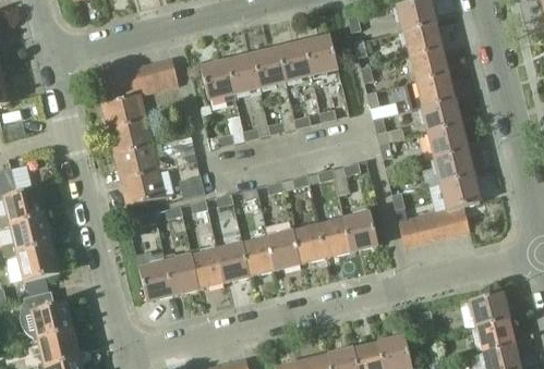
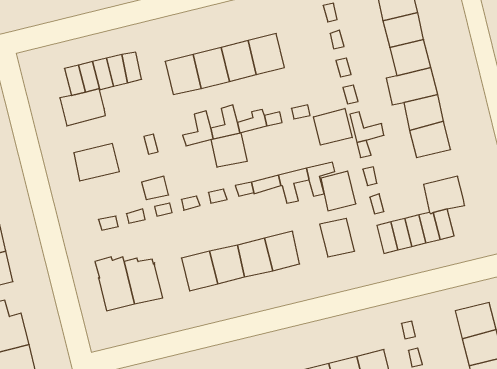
building: [304,37,338,74] -> none
building: none -> [314,108,352,145]
building: [109,119,152,153] -> none
building: none -> [211,133,247,167]
building: [435,150,473,183] -> none
building: [121,171,165,205] -> none
building: [319,220,352,257] -> [321,171,356,211]
building: [189,246,223,288] -> none

